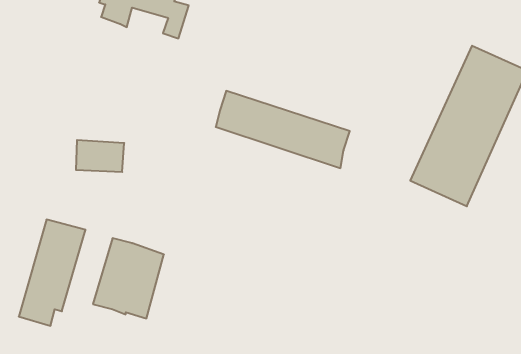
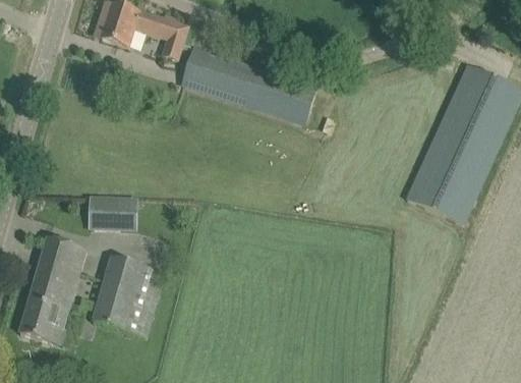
building: [216,91,350,168] -> [183,47,315,123]
building: [76,140,124,172] -> [89,198,136,229]

